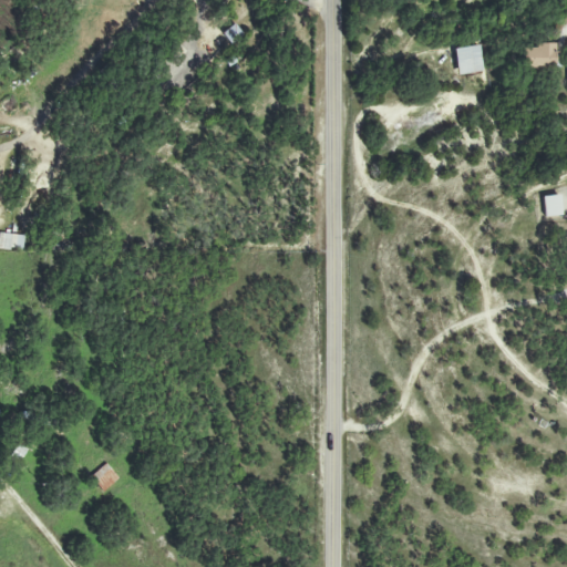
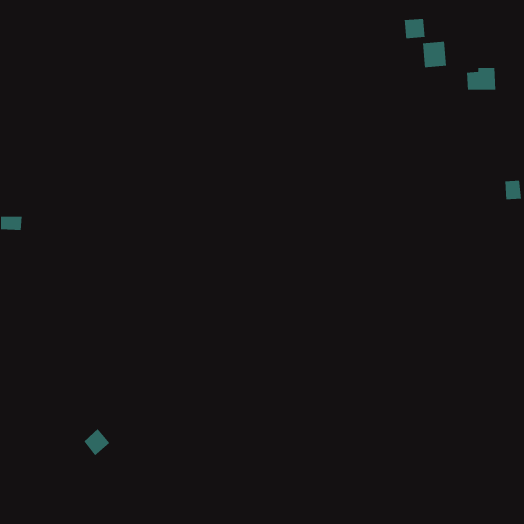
building: none -> [404,18,425,39]
building: [524,41,556,65] -> [466,67,496,90]

